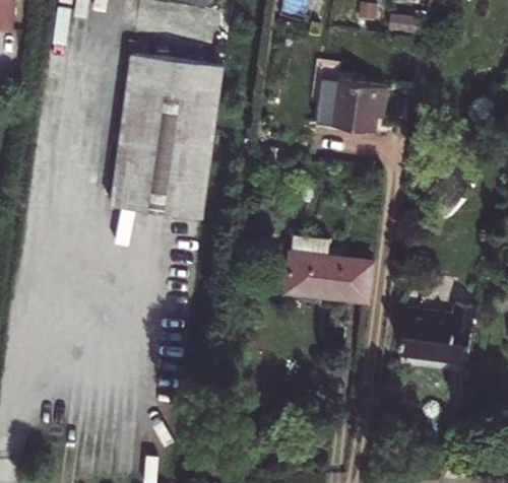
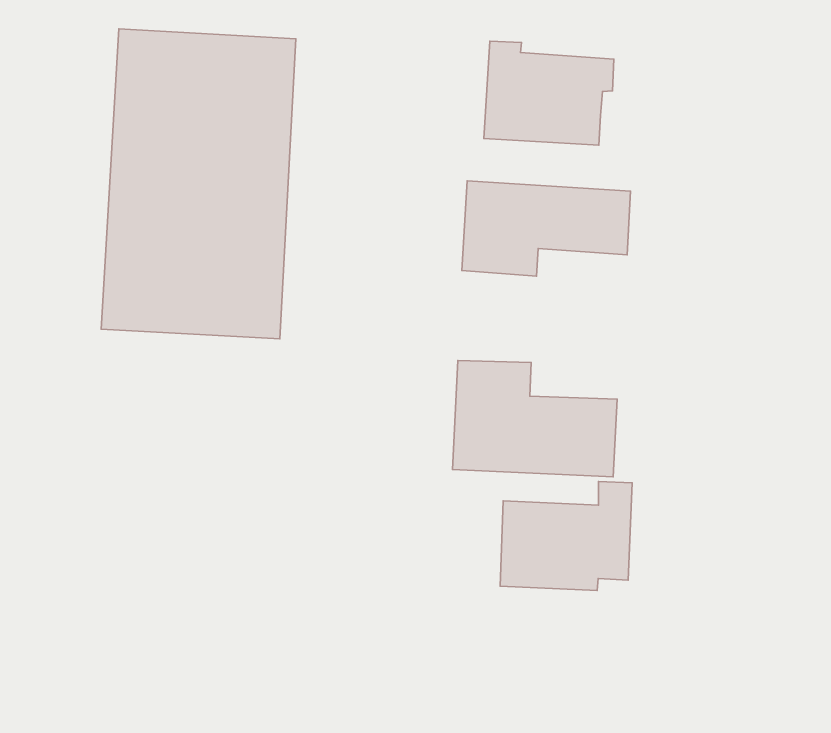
building: none -> [462,181,631,276]
building: [400,304,472,360] -> [500,481,632,590]

